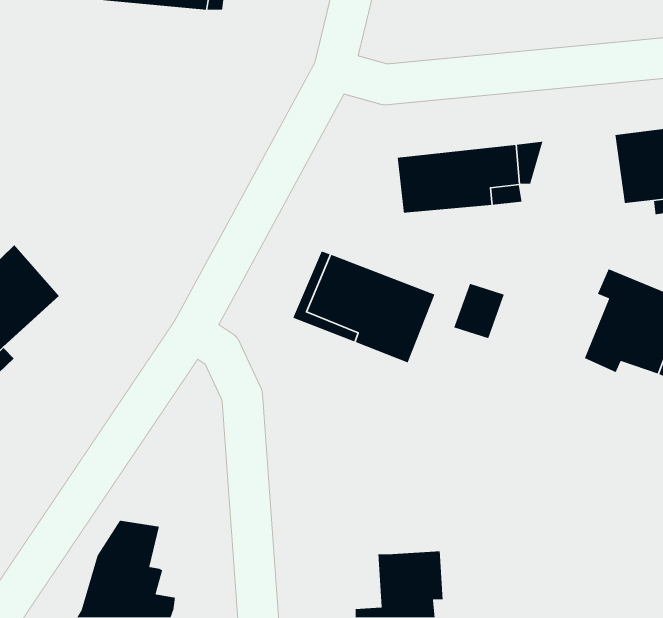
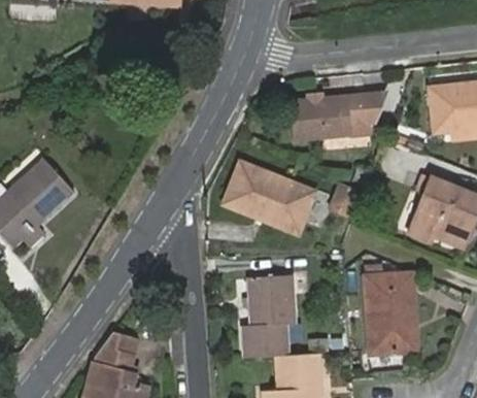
building: none -> [367,273,416,352]
building: none -> [242,275,294,358]

